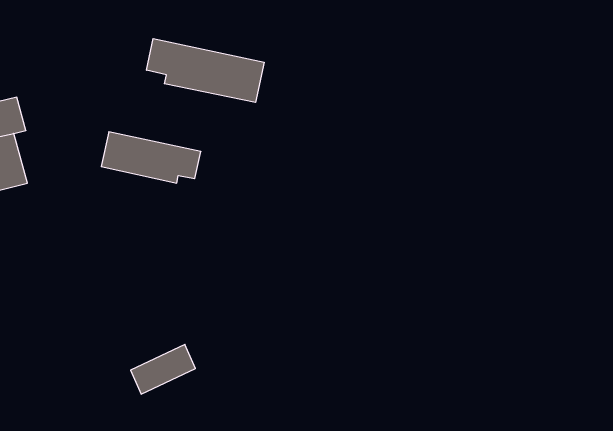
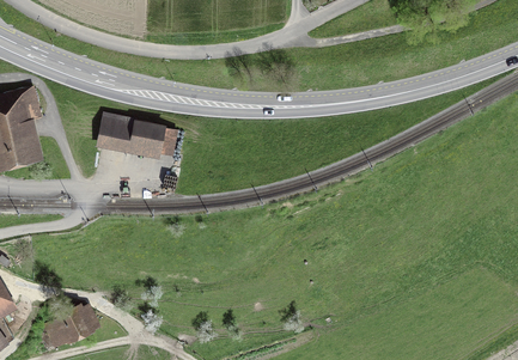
building: [147,39,264,102] -> none
building: [131,344,195,394] -> [45,304,97,343]

